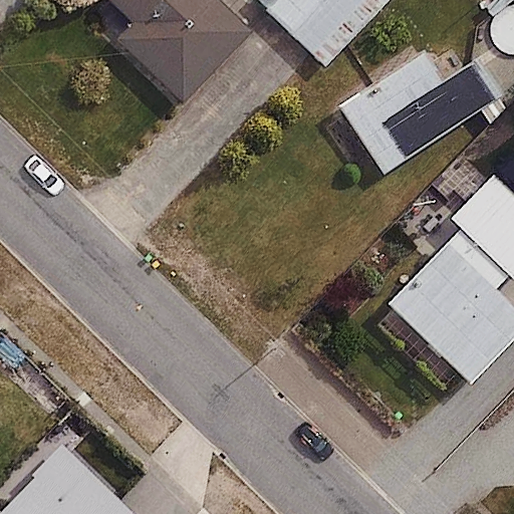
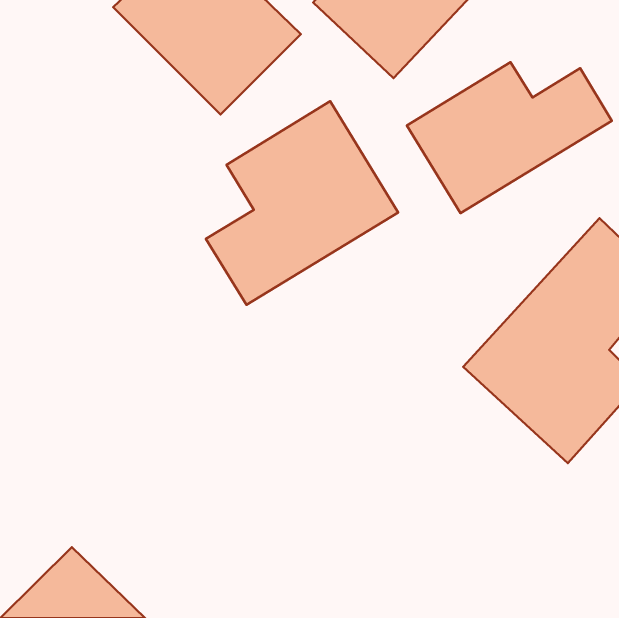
building: none -> [206,101,398,305]

